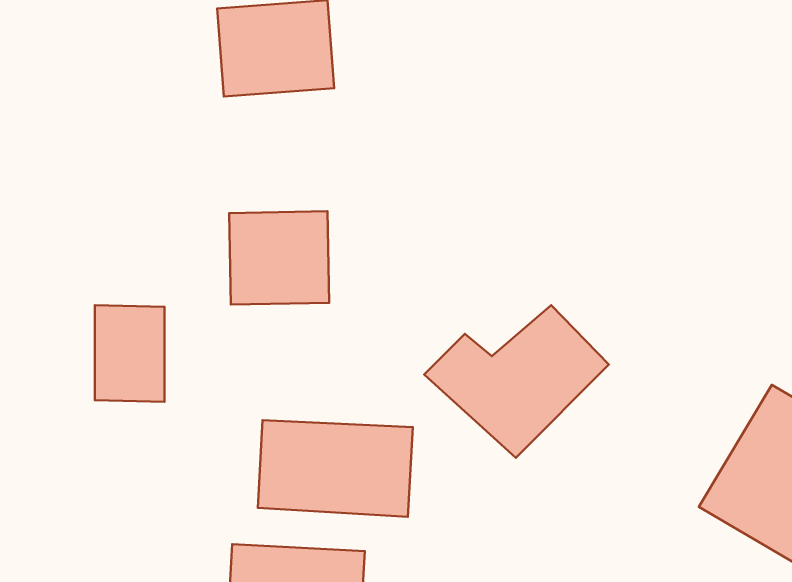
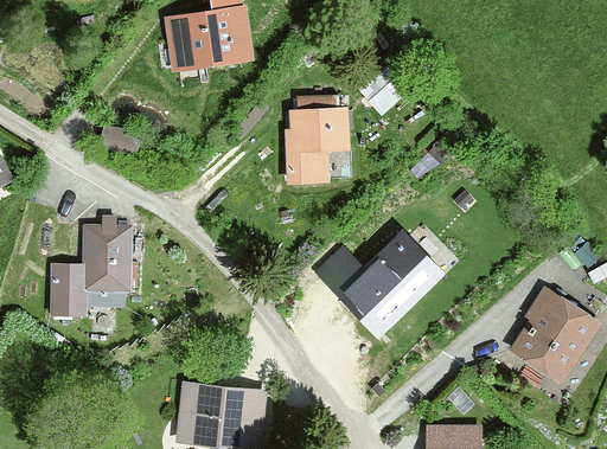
building: [229,211,329,305] -> [289,109,359,174]
building: none -> [46,258,79,312]
building: [258,420,413,517] -> none

